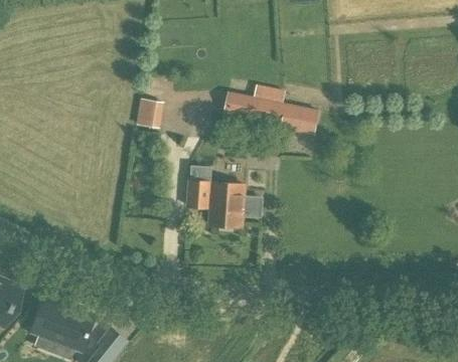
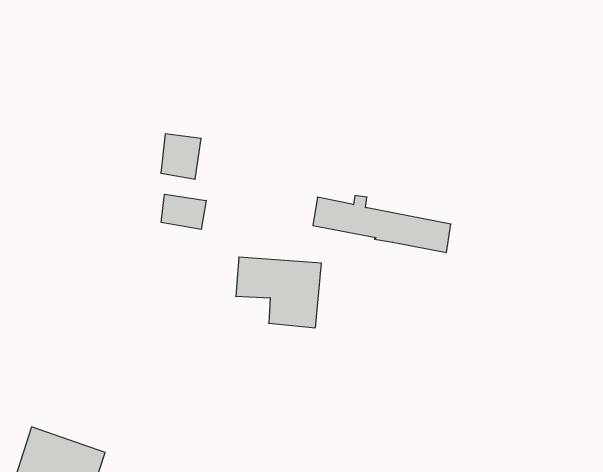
building: [224,93,317,131] -> [313,196,451,253]
building: none -> [161,194,206,229]

